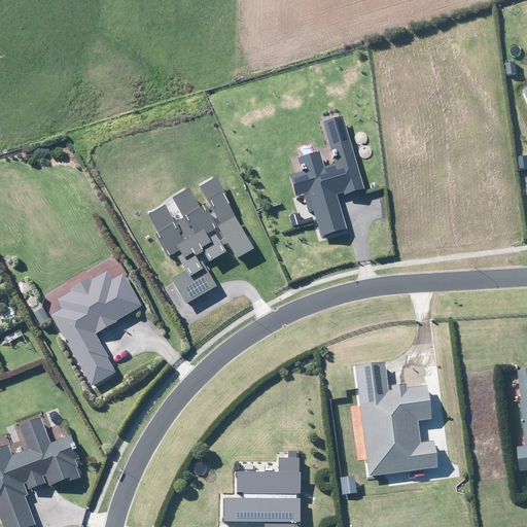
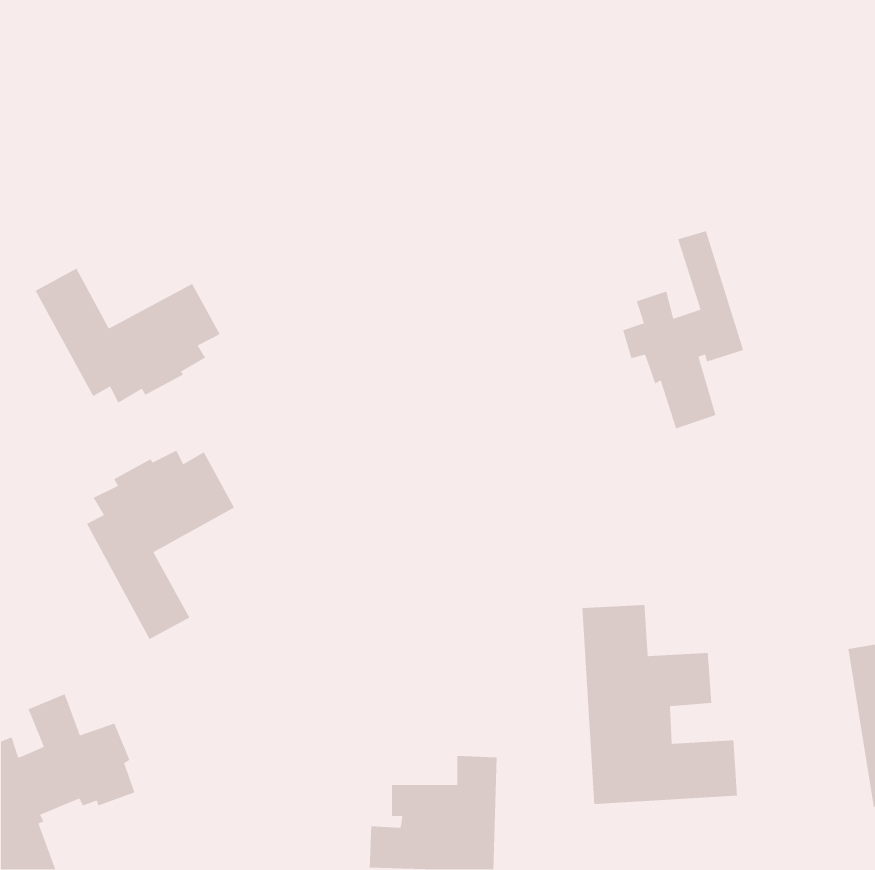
building: [291,116,364,236] -> [622,230,744,429]
building: none -> [35,267,221,404]
building: [147,177,252,303] -> none

